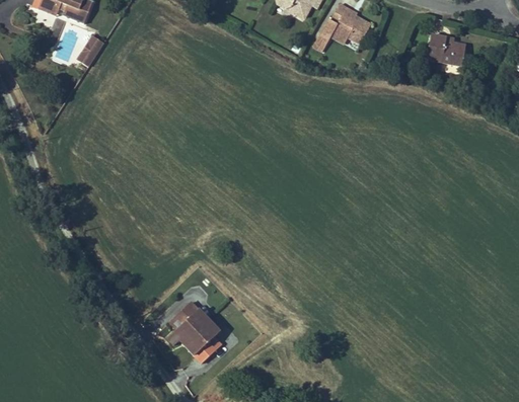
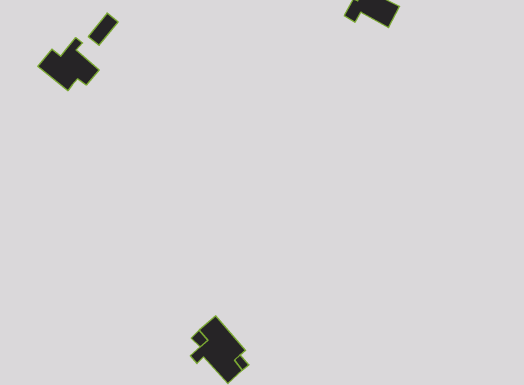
building: [427,34,465,63] -> none
building: none -> [38,38,99,91]

